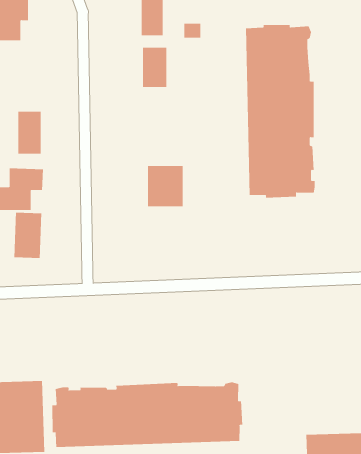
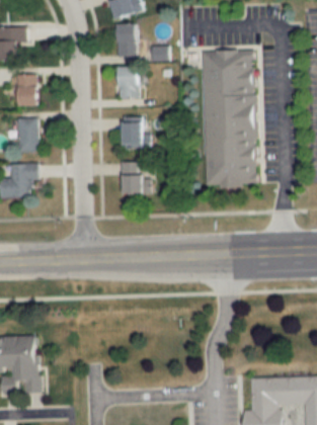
building: none -> [17,74,37,105]
building: none -> [123,117,150,148]
building: [14,212,42,259] -> none
building: [52,382,243,448] -> none

